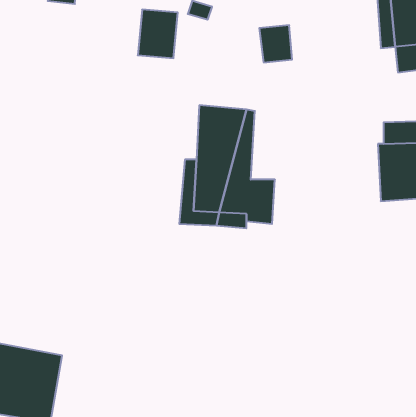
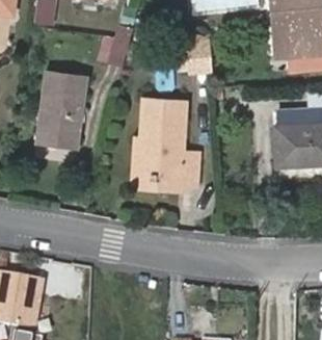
building: none -> [37,71,86,147]

